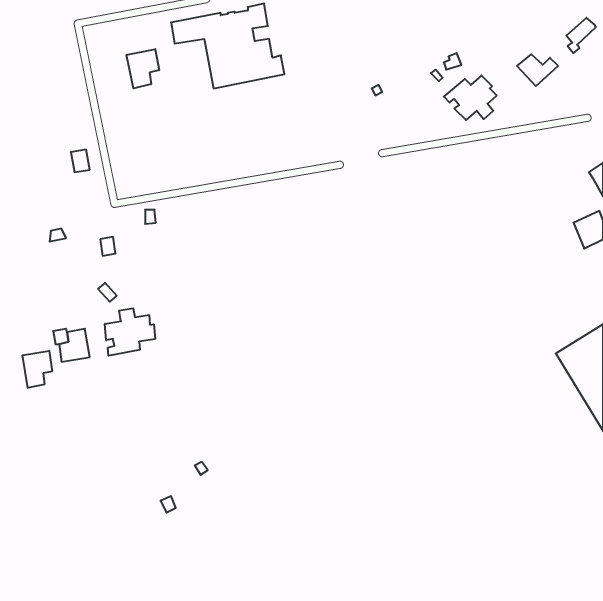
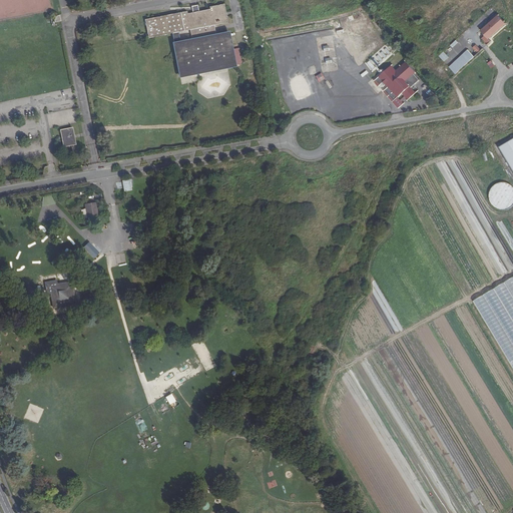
building: [127,49,159,88] -> none
building: [105,308,155,356] -> none
building: [22,351,52,388] -> none

